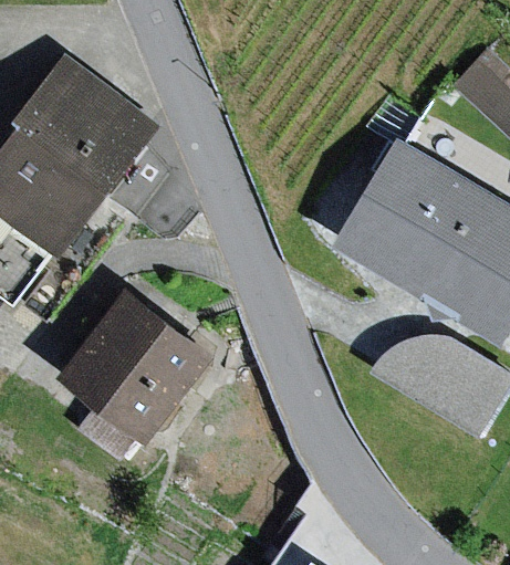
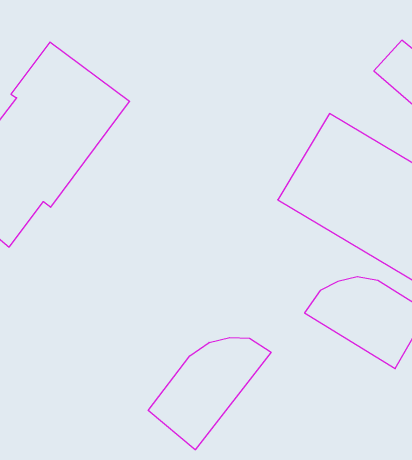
building: [61,287,217,441] -> none
building: none -> [148,338,271,450]

